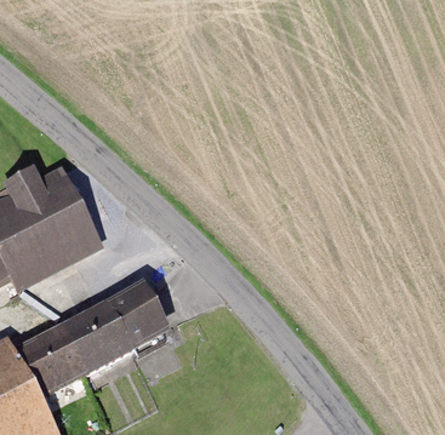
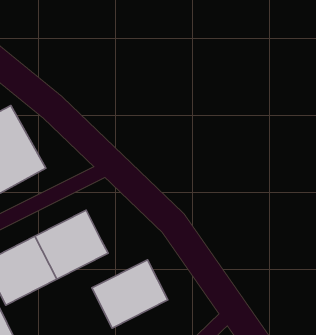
building: none -> [92,260,168,328]

